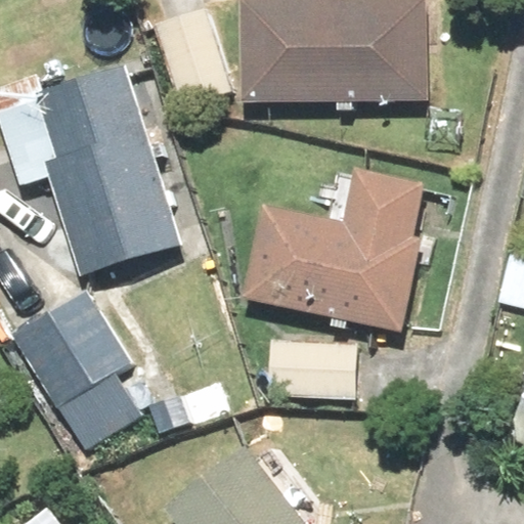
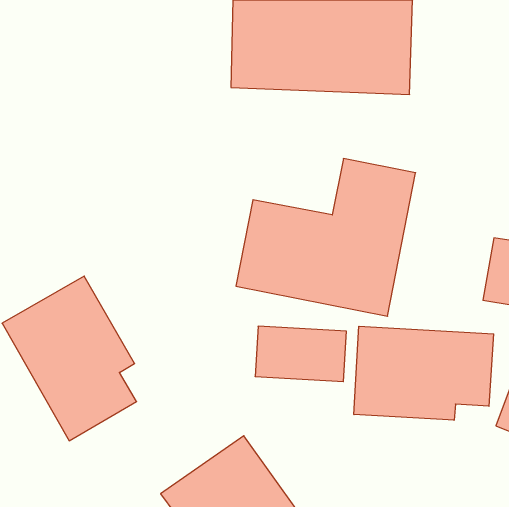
building: [30,67,178,273] -> none
building: none -> [354,326,494,420]

